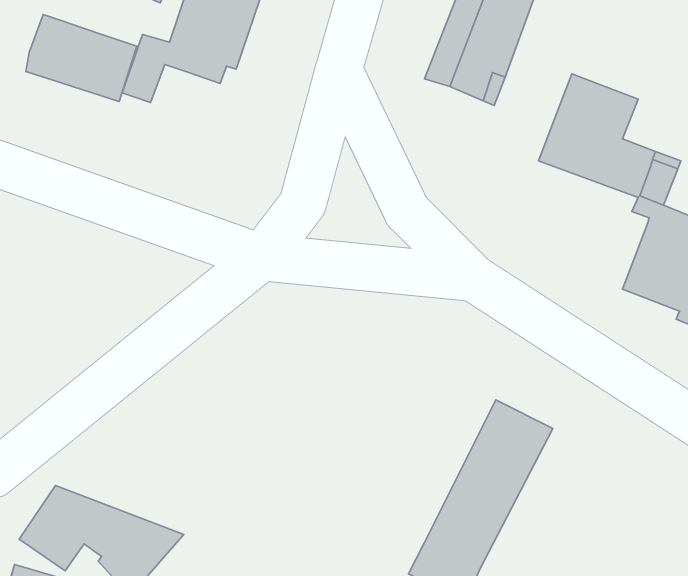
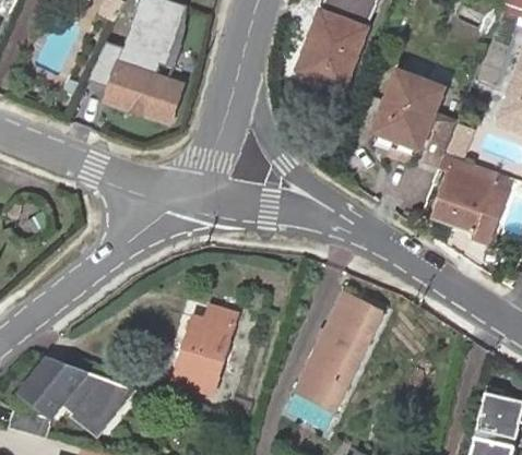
building: [26,15,137,102] -> [106,62,182,122]
building: none -> [175,309,234,393]

